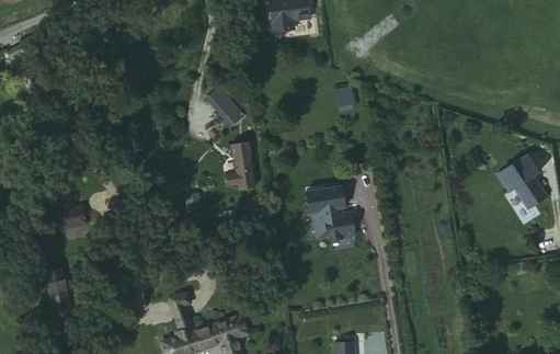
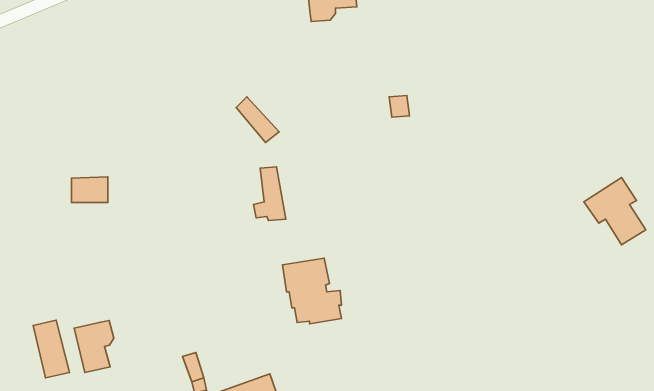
building: [306,189,354,242] -> [282,258,342,324]
building: [60,208,90,229] -> [71,177,108,202]
building: none -> [74,320,114,373]

